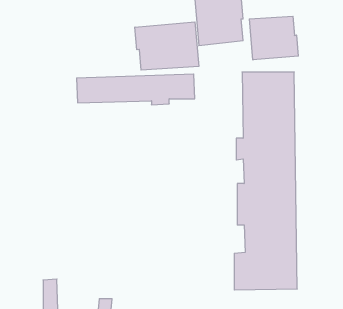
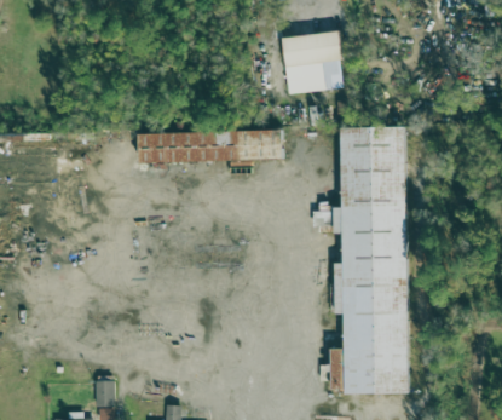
building: [249,16,298,60] -> none
building: [135,22,199,70] -> none

